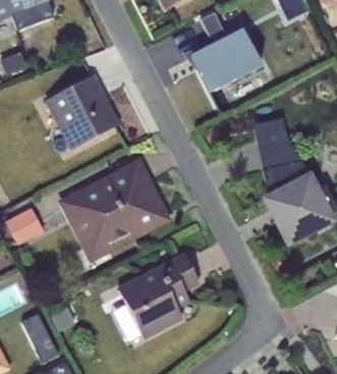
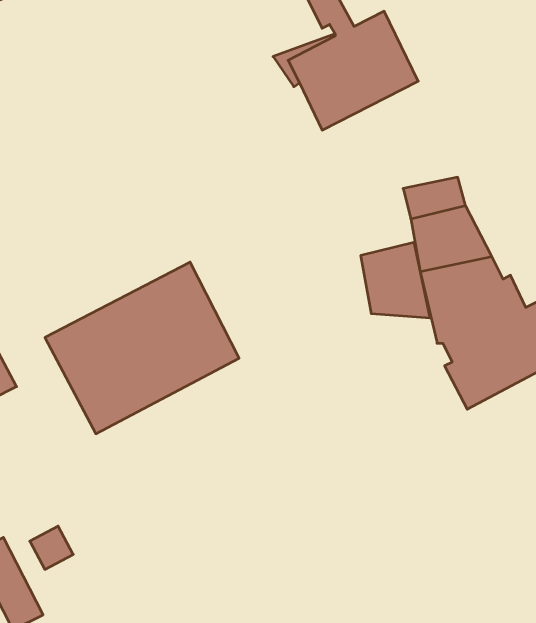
building: [45,75,115,150] -> none
building: none -> [361,242,430,318]
building: [117,255,199,337] -> none

